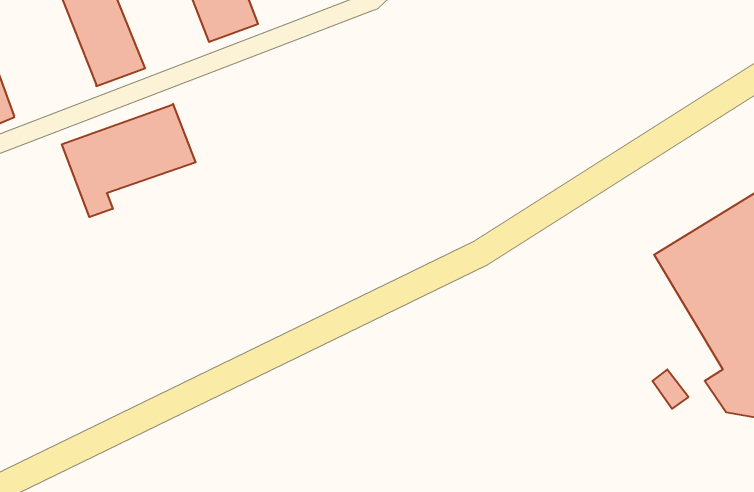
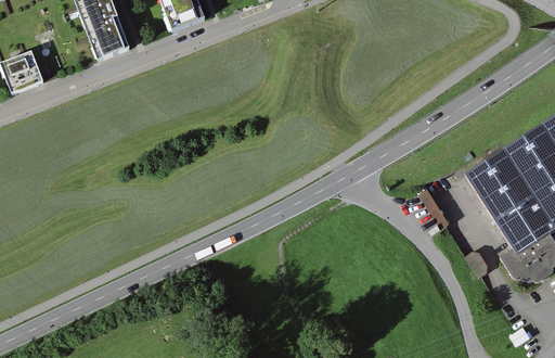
building: [62,104,196,217] -> none

